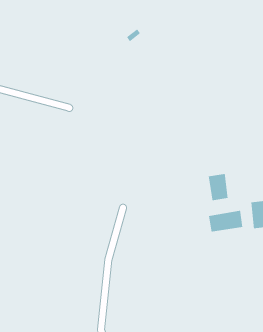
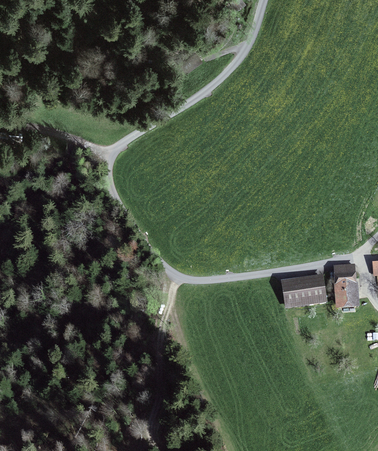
building: [208,173,228,201] -> none

